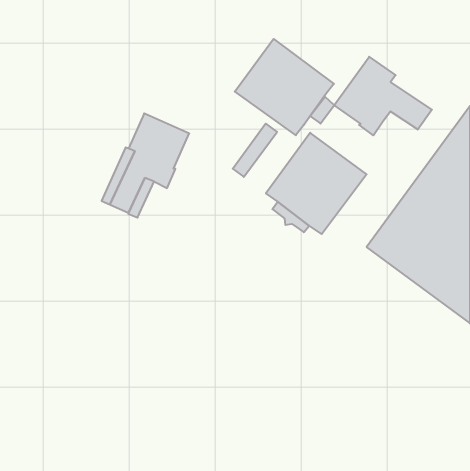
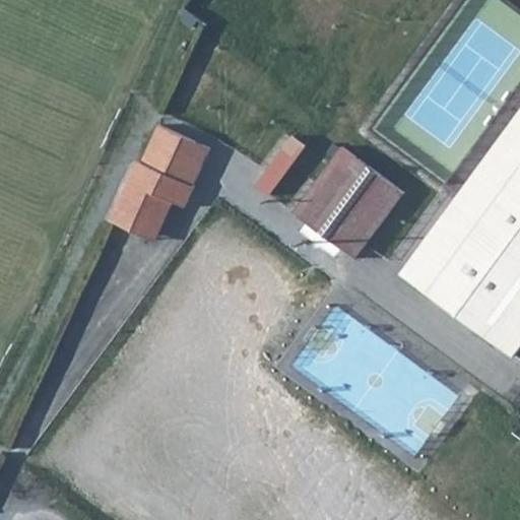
building: [235,39,334,135] -> none
building: [334,57,432,135] -> none

